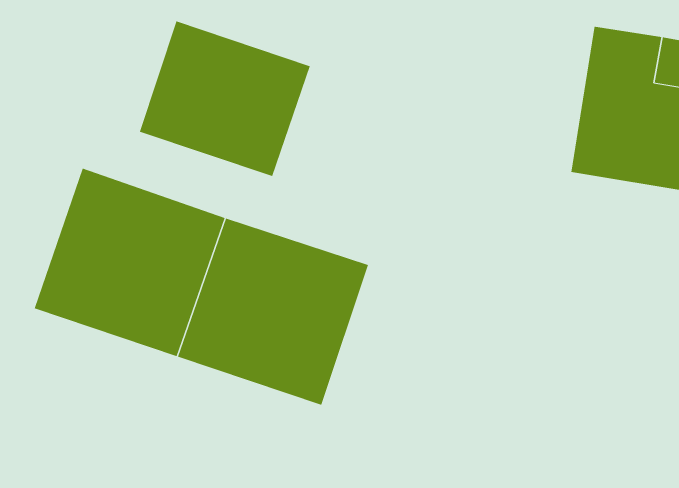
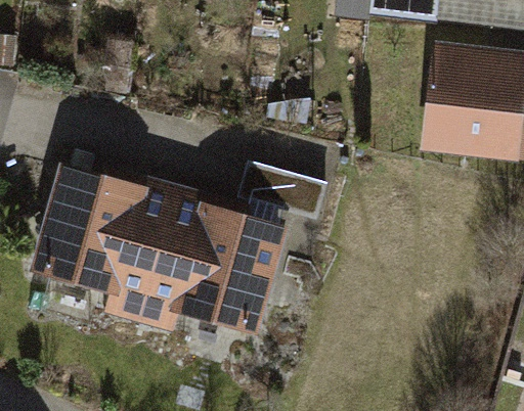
building: [139,21,311,177] -> none
building: none -> [239,163,331,231]

